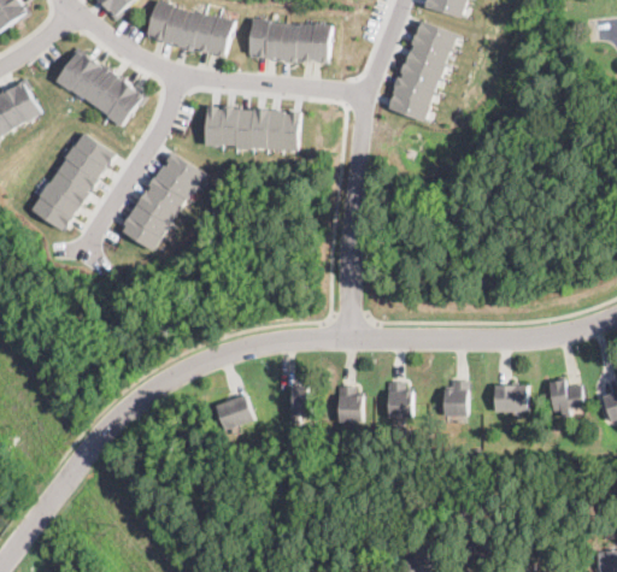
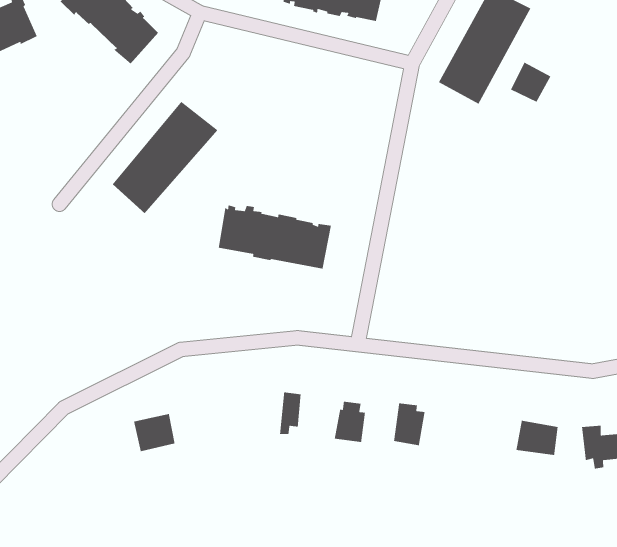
building: none -> [510,61,551,103]
building: [205,105,299,151] -> [218,204,332,269]
building: [30,131,116,230] -> none
building: [441,381,468,417] -> none
building: [215,394,253,430] -> [133,413,175,452]

